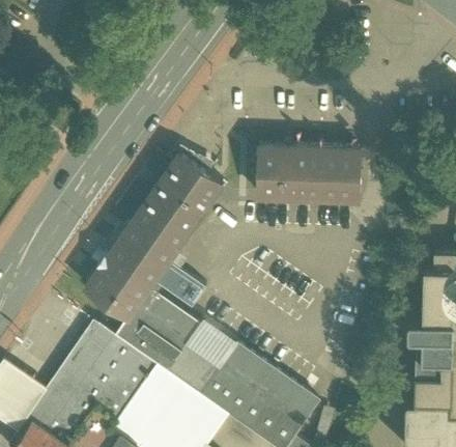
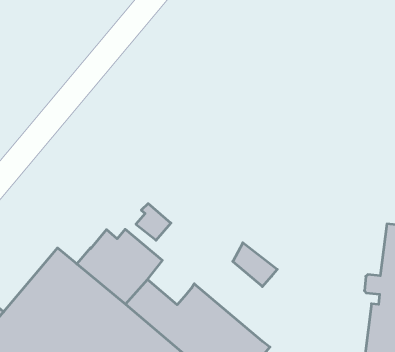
building: [257,145,361,199] -> none
building: [85,152,222,318] -> none
building: [188,325,233,367] -> [233,243,277,287]

